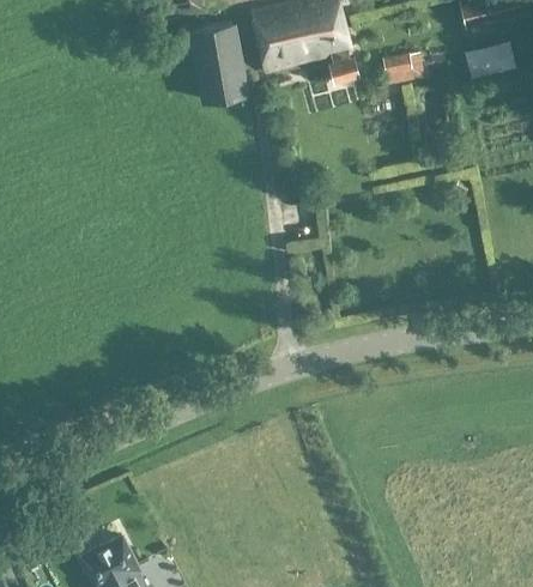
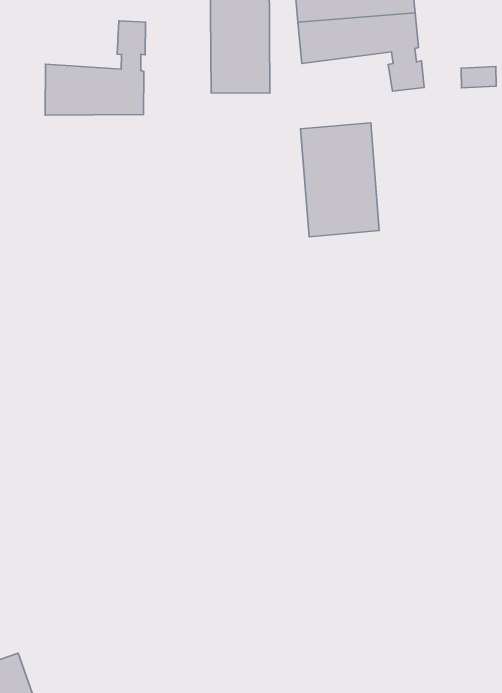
building: none -> [45,21,146,115]
building: none -> [301,123,379,237]

